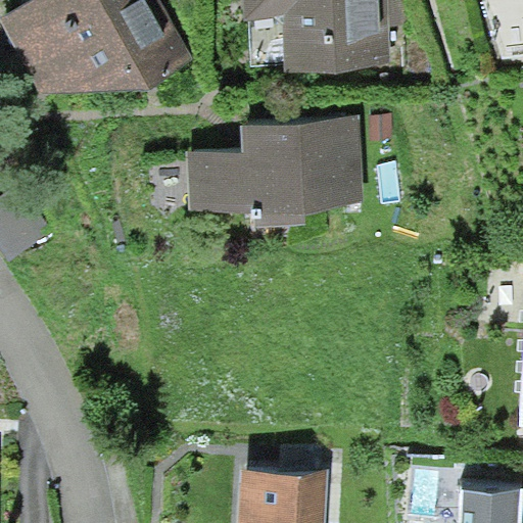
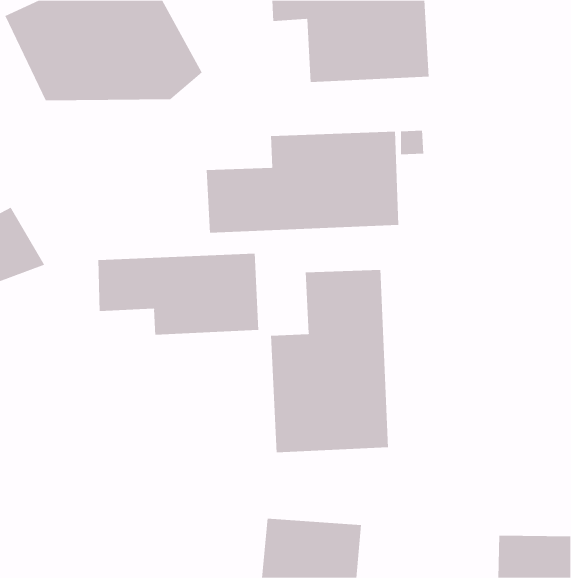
building: none -> [98,253,259,336]
building: none -> [270,269,388,453]

